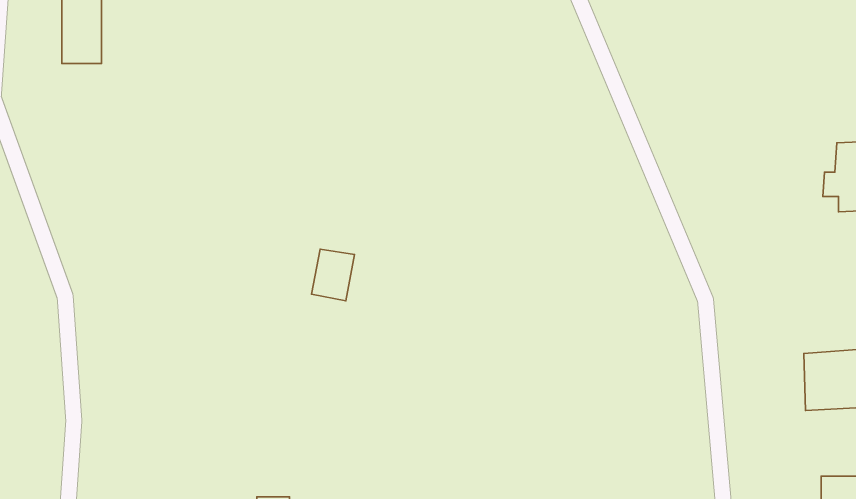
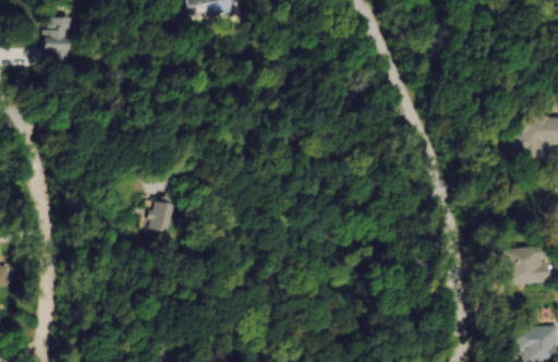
building: [311,249,355,301] -> [151,201,179,233]

